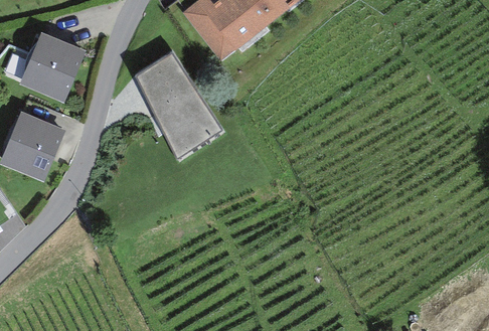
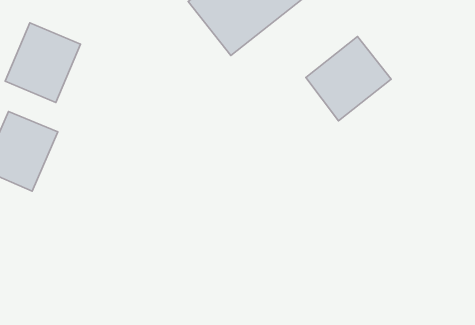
building: none -> [306,36,391,121]
building: [135,51,221,157] -> none

